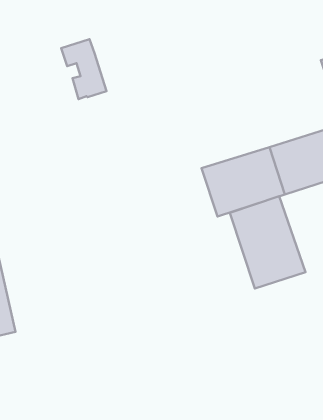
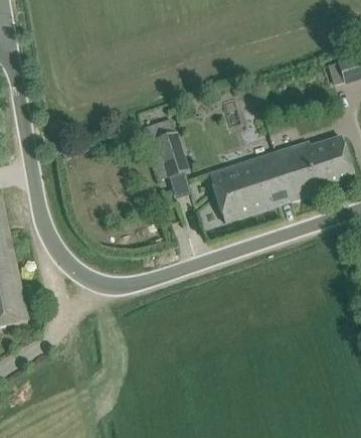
building: [61,39,106,99] -> [143,118,188,178]
building: [230,196,306,289] -> none

